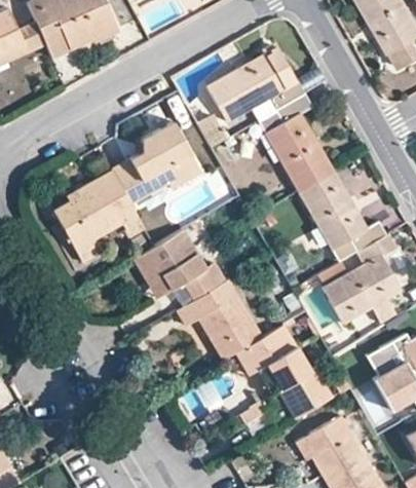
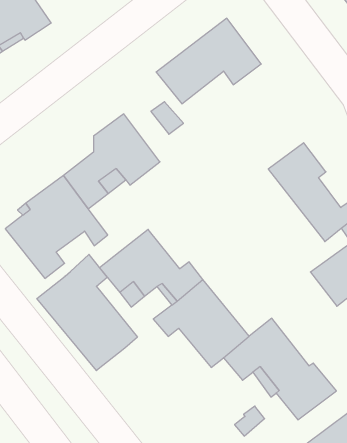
building: [257,93,332,189] -> none
building: none -> [37,254,137,371]

